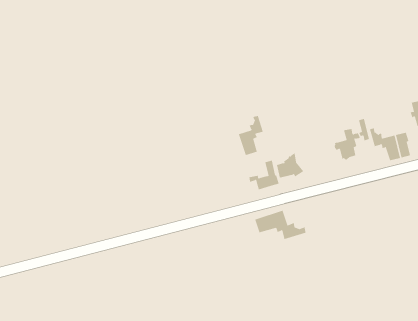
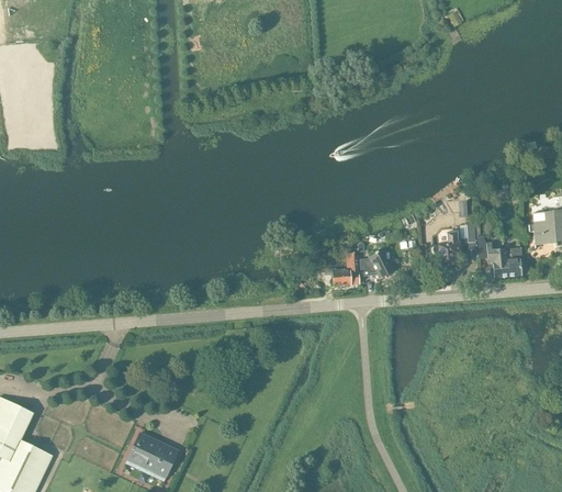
building: [238,115,263,156] -> none
building: [255,210,306,240] -> none

